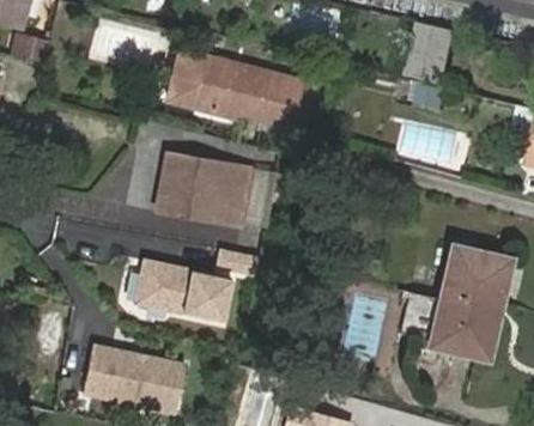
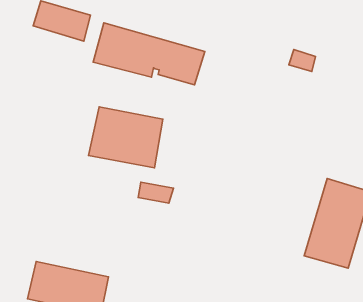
building: [409,30,456,85] -> none
building: [136,258,236,323] -> none

